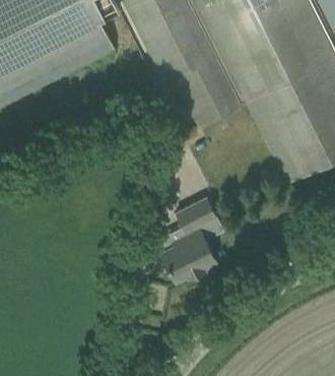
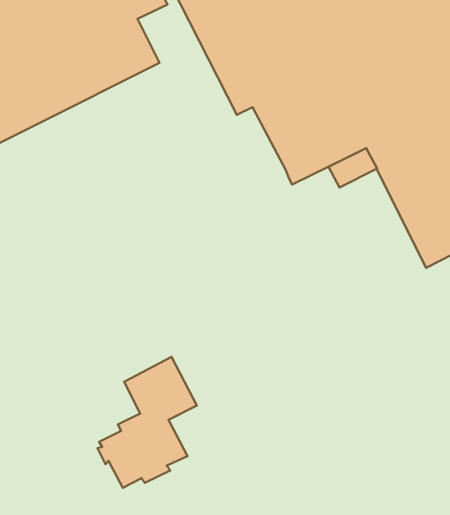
building: [159,196,223,280] -> [97,357,197,488]

